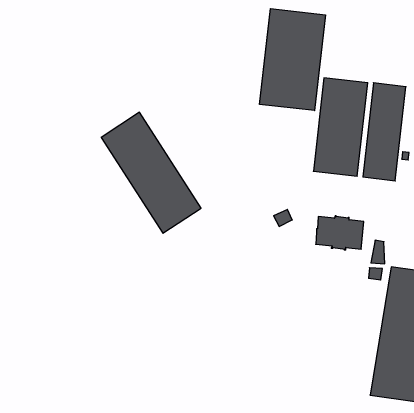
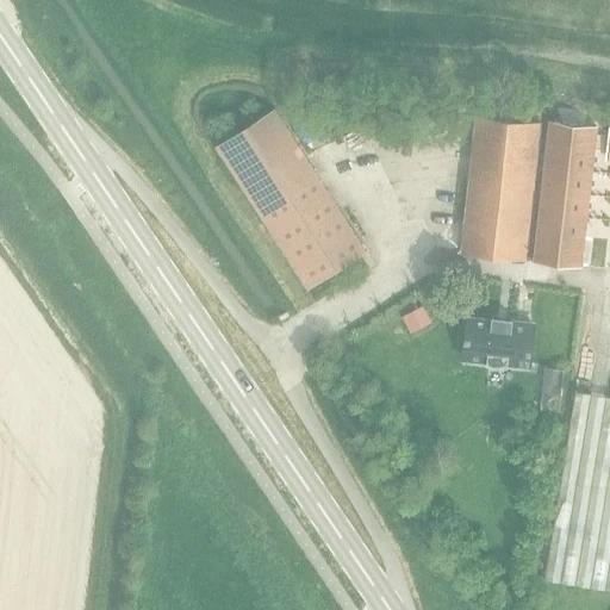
building: [260,9,325,111] -> none
building: [101,112,201,233] -> [220,112,367,290]

